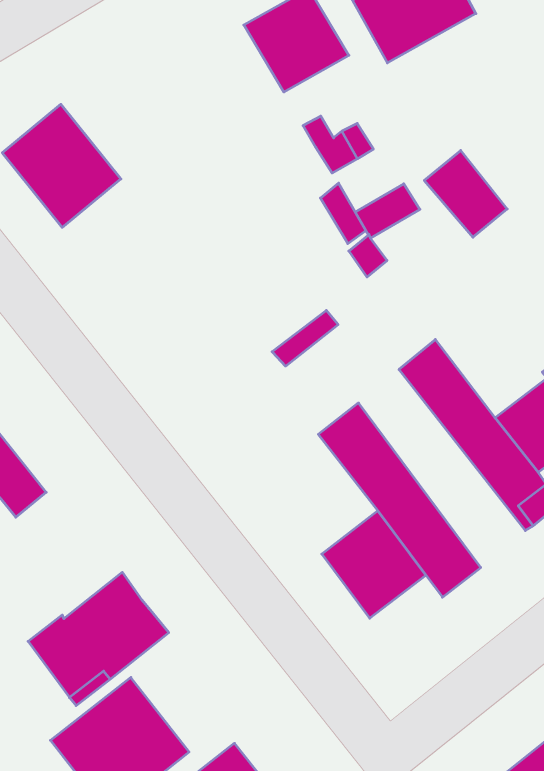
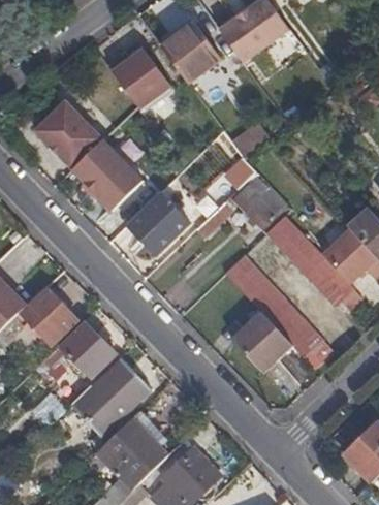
building: none -> [108,53,172,114]
building: [424,150,507,237] -> [232,180,280,227]
building: none -> [71,140,140,212]
building: none -> [127,193,187,254]
building: none -> [61,321,117,376]

